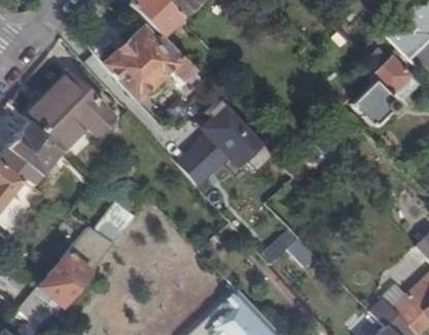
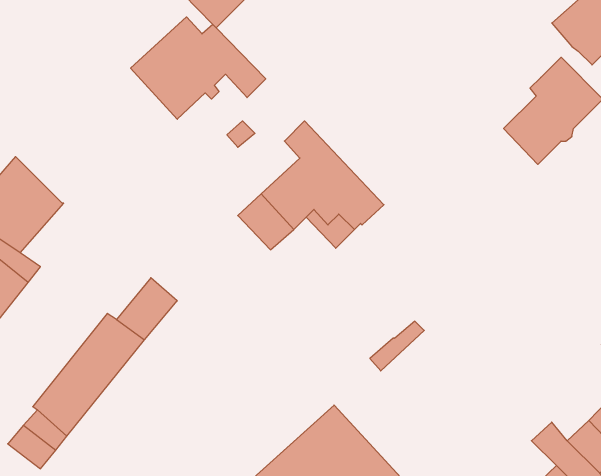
building: [25,71,112,152] -> none

